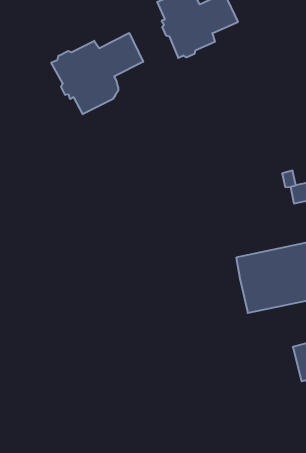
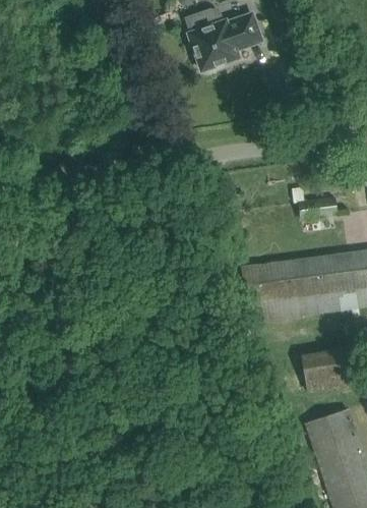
building: [51,33,143,114] -> none

